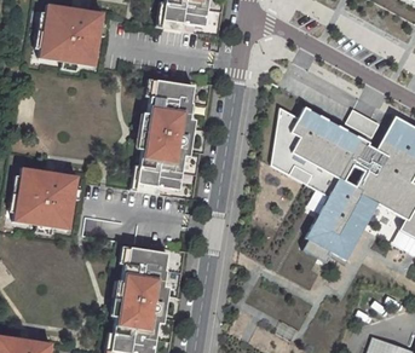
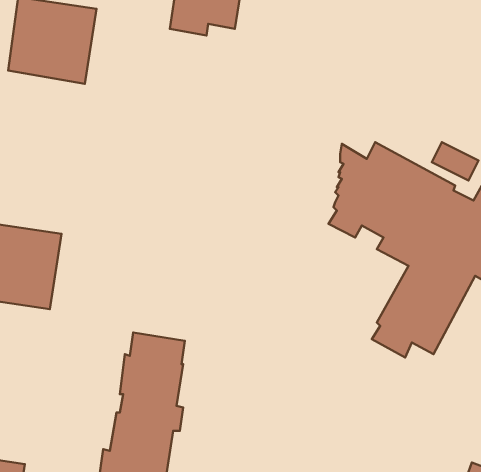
building: [131,80,194,195] -> none

